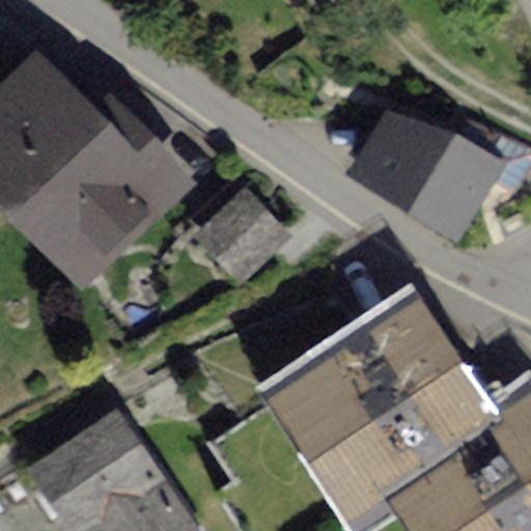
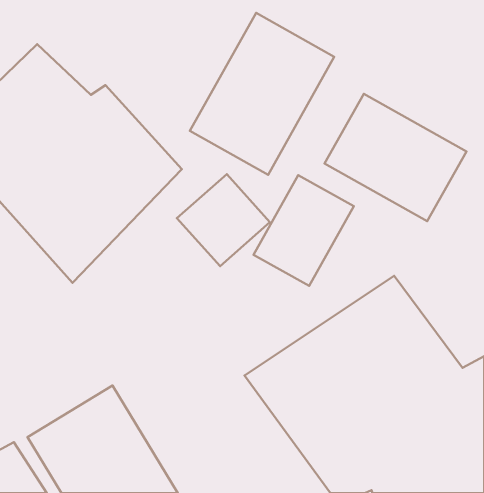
building: none -> [190,13,334,175]
building: none -> [254,175,354,286]

